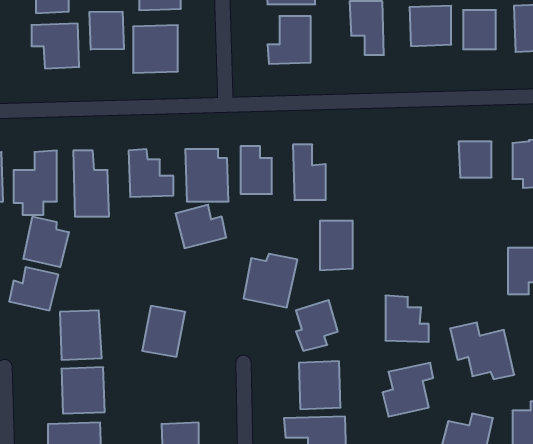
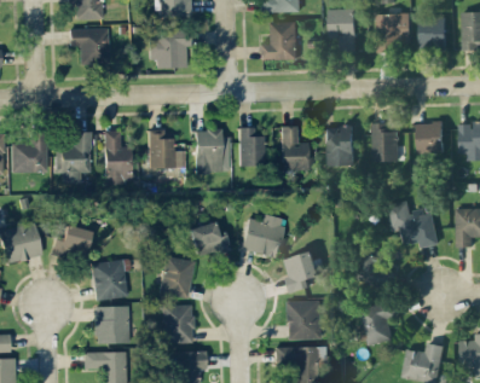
building: [89,12,124,50] -> none
building: none -> [372,123,398,161]
building: [175,205,226,248] -> [189,221,230,256]
building: [23,217,69,267] -> none
building: [320,221,353,270] -> [326,127,353,167]
building: [450,322,514,379] -> [386,202,438,248]
building: none -> [162,304,193,343]

